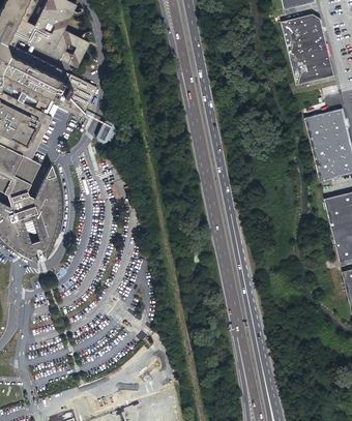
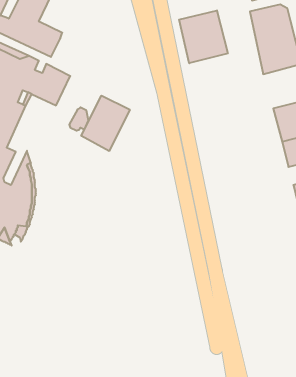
building: none -> [179,10,228,63]
building: none -> [81,96,130,151]

